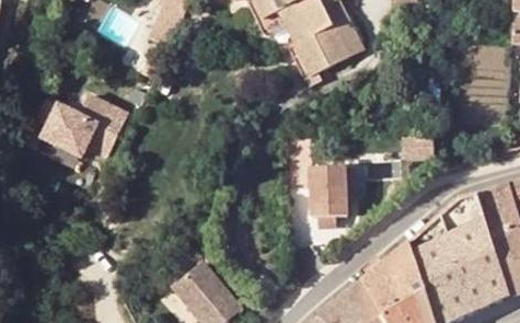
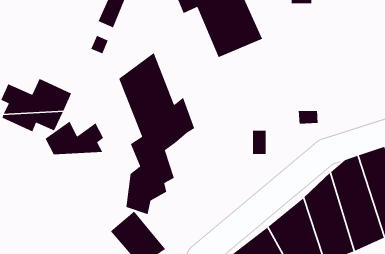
building: none -> [118,52,195,215]
building: none -> [45,120,104,155]
building: [307,165,344,216] -> none

